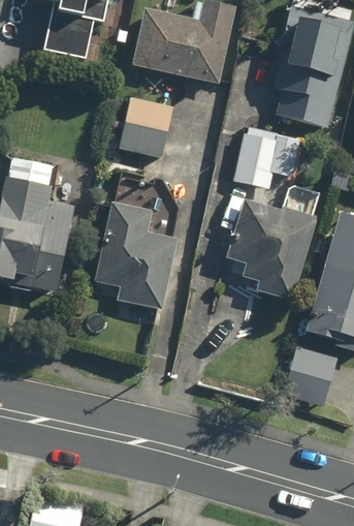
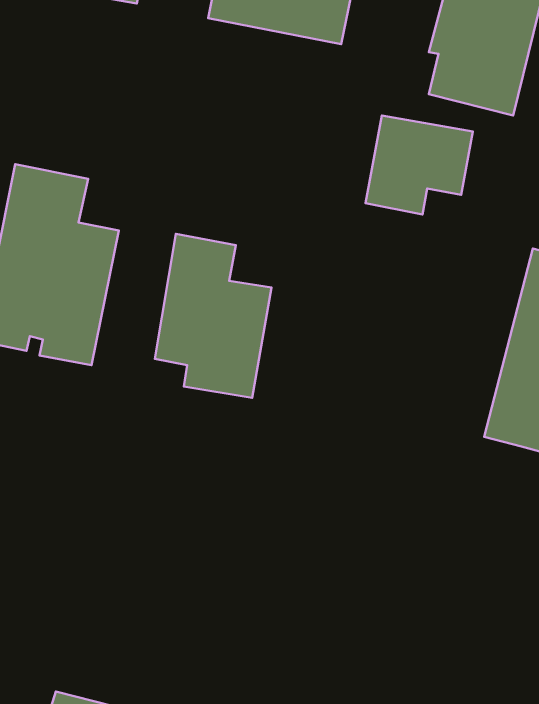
building: [118,96,171,158] -> none
building: [229,185,324,300] -> none
building: [284,344,336,405] -> none

